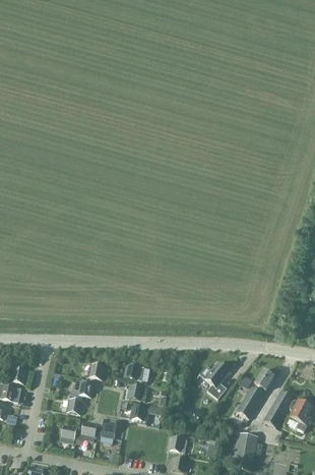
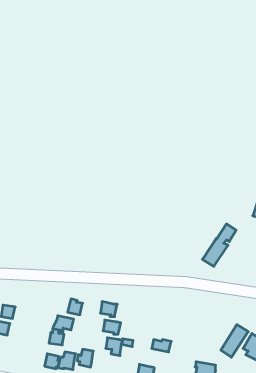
building: [200,361,229,399] -> none
building: [235,369,273,418] -> [202,224,236,266]

